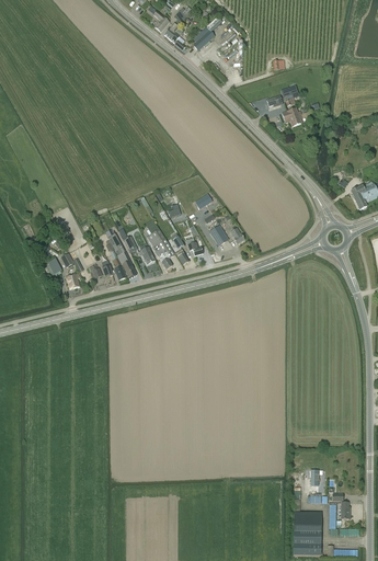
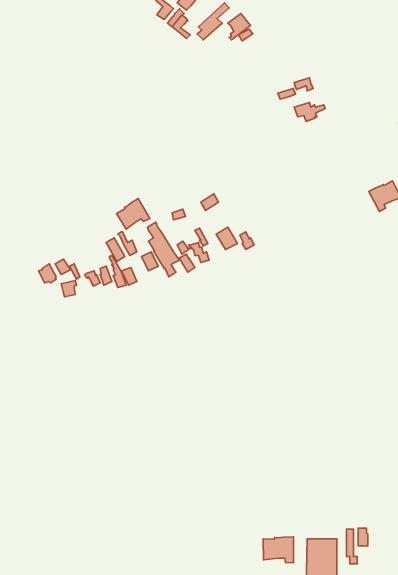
building: none -> [116,199,150,229]
building: none -> [263,537,293,563]

